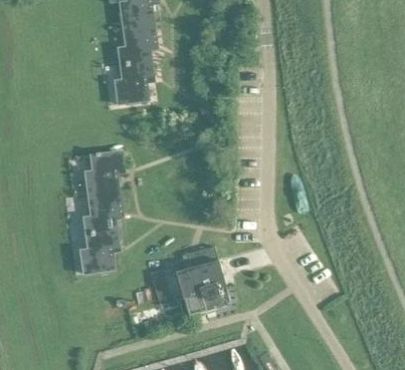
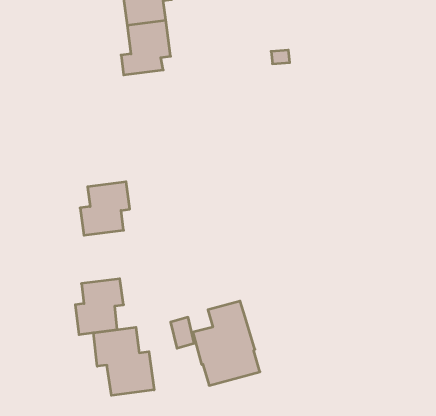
building: [113,59,152,103] -> none
building: [81,189,122,232] -> none
building: none -> [93,327,154,395]

